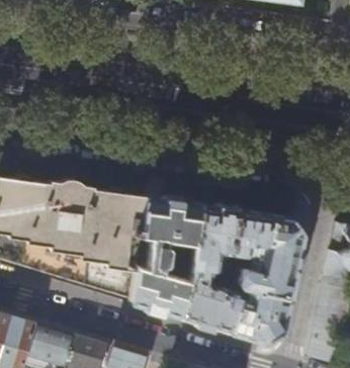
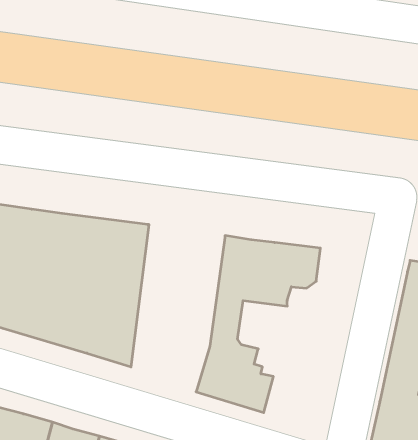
building: [133,196,202,318] -> none
building: [224,213,305,344] -> none

